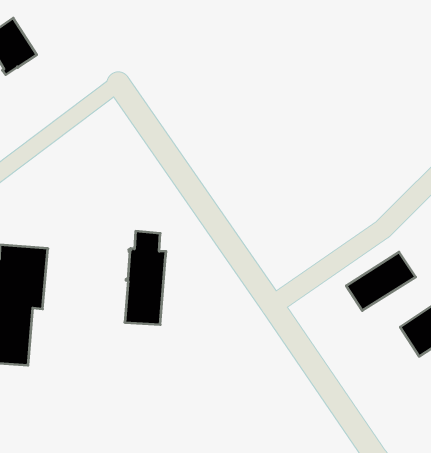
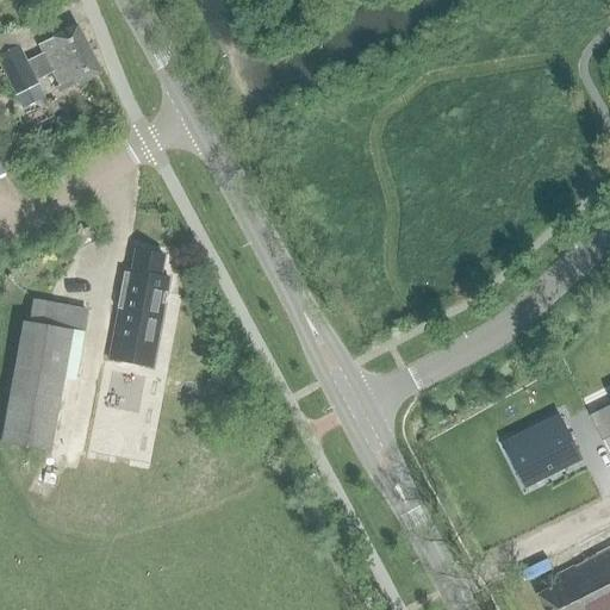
building: [125,231,166,325] -> [110,249,169,366]
building: [346,252,416,311] -> none

